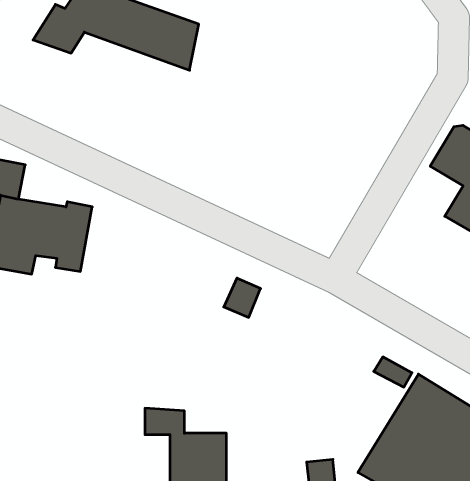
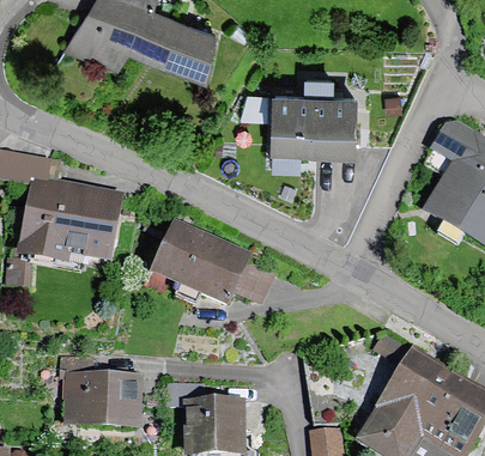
building: none -> [272,80,353,147]
building: none -> [156,229,245,306]
building: none -> [60,360,137,427]

